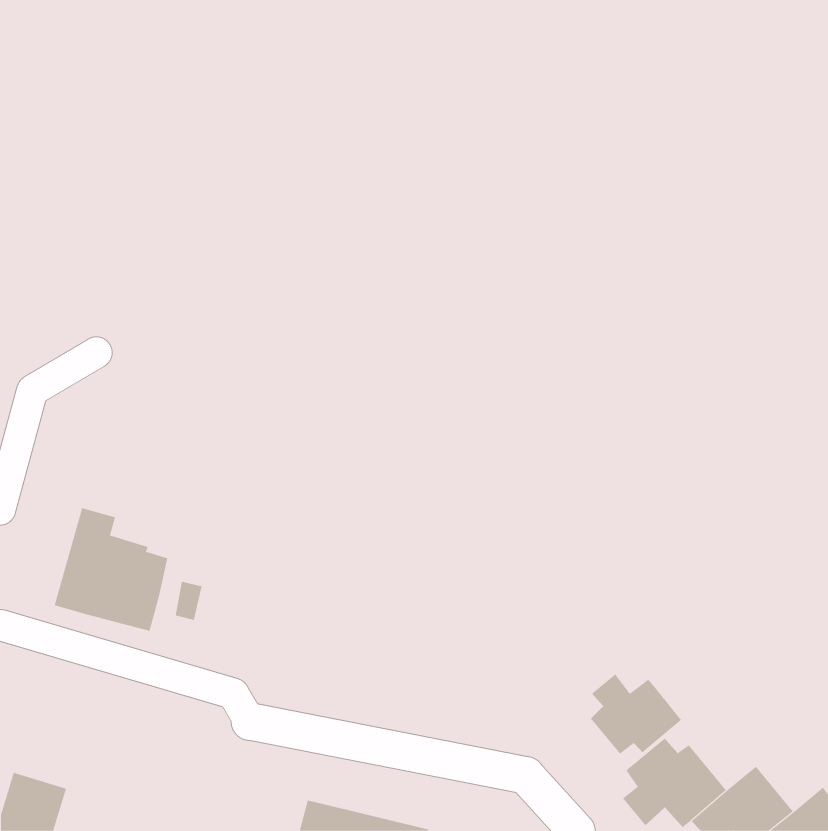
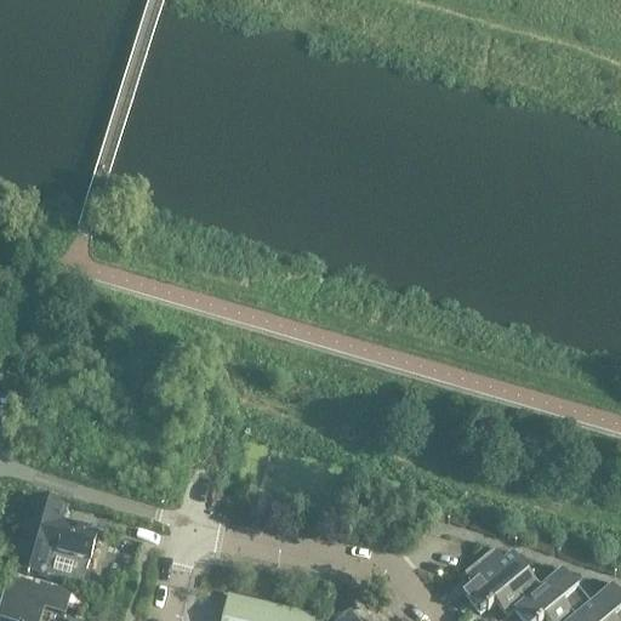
building: [54,508,168,632] -> [15,496,99,588]
building: [590,673,682,754] -> none

